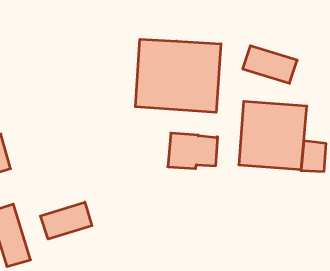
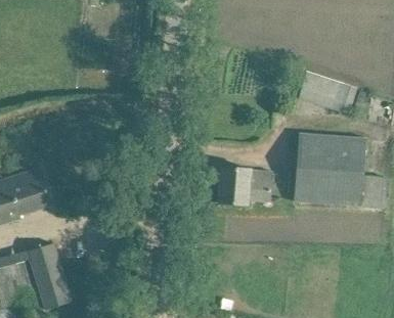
building: [135,39,221,112] -> none
building: [40,202,92,239] -> none

